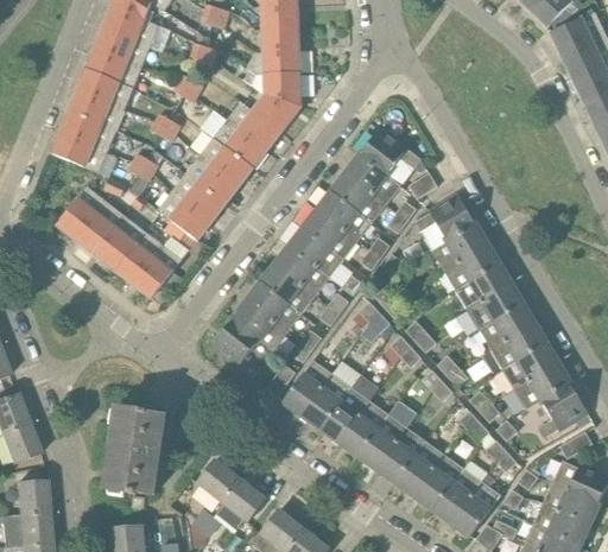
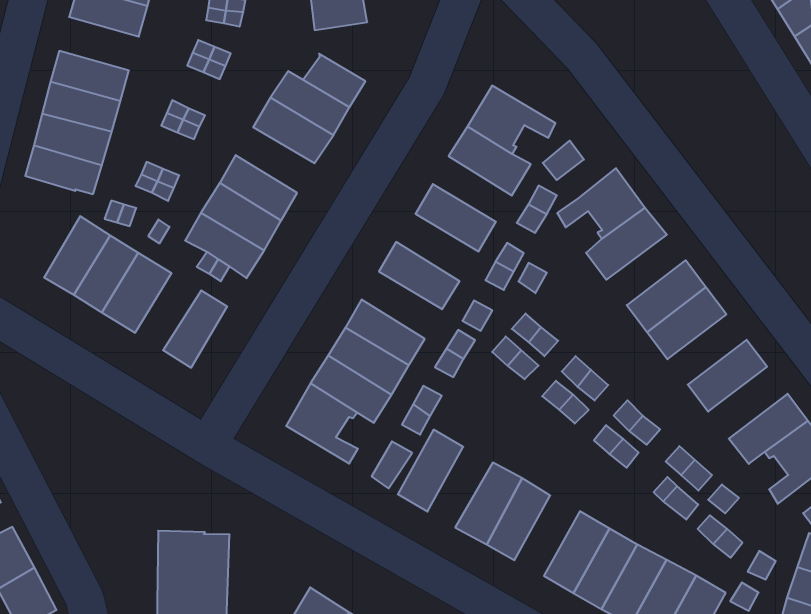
building: [86,47,141,89] -> none
building: [262,75,300,115] -> none
building: [198,138,252,186] -> none
building: [331,173,385,222] -> none
building: [302,210,357,260] -> none
building: [115,231,164,284] -> none
building: [443,245,499,290] -> none
building: [273,247,328,297] -> none
building: [479,304,534,349] -> none
building: [502,343,558,389] -> none
building: [302,374,350,429] -> none
building: [357,414,406,469] -> none

